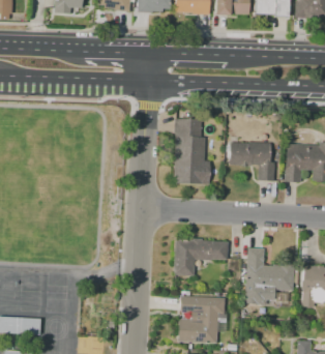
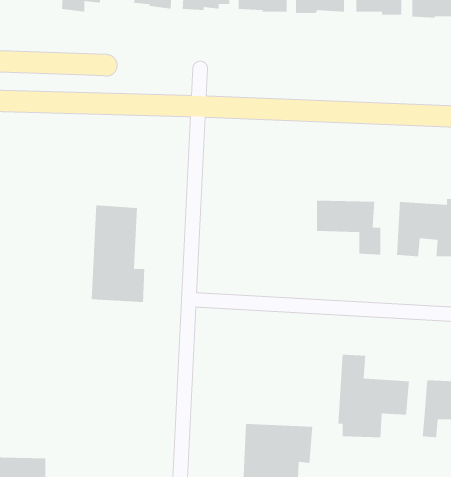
building: [171,117,208,184] -> [91,205,145,303]
building: [174,238,226,275] -> none

